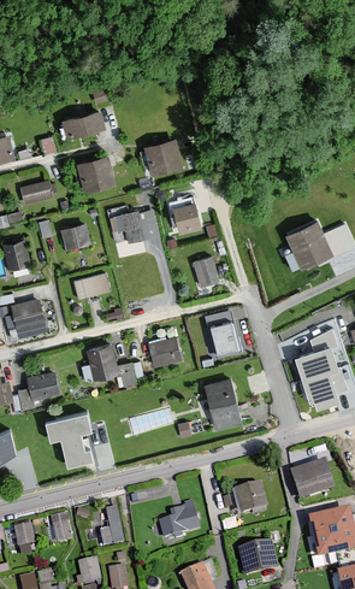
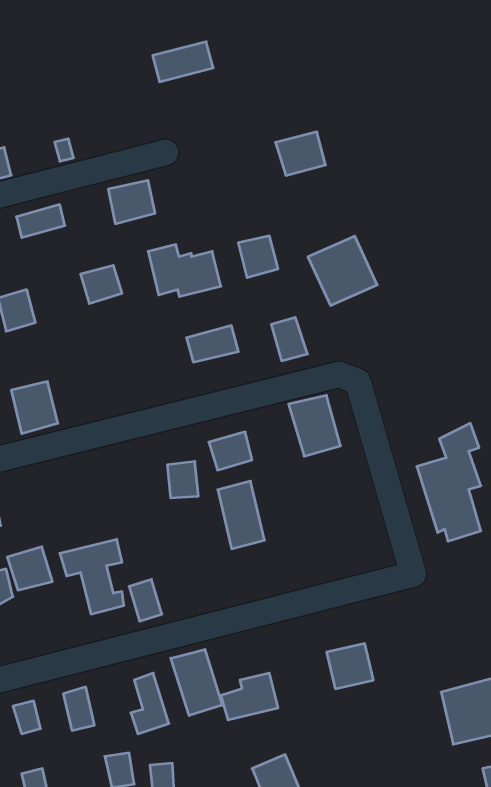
building: [63,111,105,139] -> [153,42,213,82]
building: [147,146,182,176] -> [275,132,326,175]
building: [286,219,335,267] -> [308,236,377,306]
building: [72,275,108,300] -> [186,326,238,362]
building: [88,346,118,378] -> none
building: [28,373,59,404] -> [7,547,52,590]
building: [206,379,238,426] -> [218,481,265,549]
building: [294,465,332,499] -> none
building: none -> [171,649,222,716]
building: [239,544,277,578] -> none

